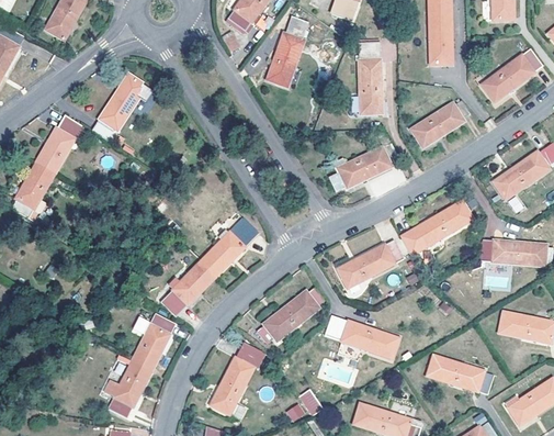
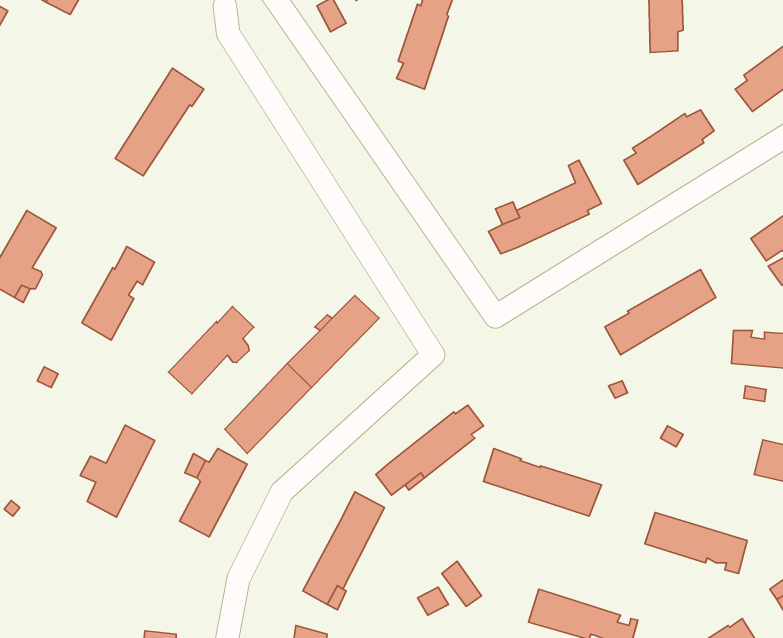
building: [359,42,381,113] -> none
building: [36,115,82,175] -> [82,247,155,340]
building: none -> [168,306,254,394]
building: [338,239,404,284] -> none
building: [104,360,151,418] -> [80,425,155,517]

